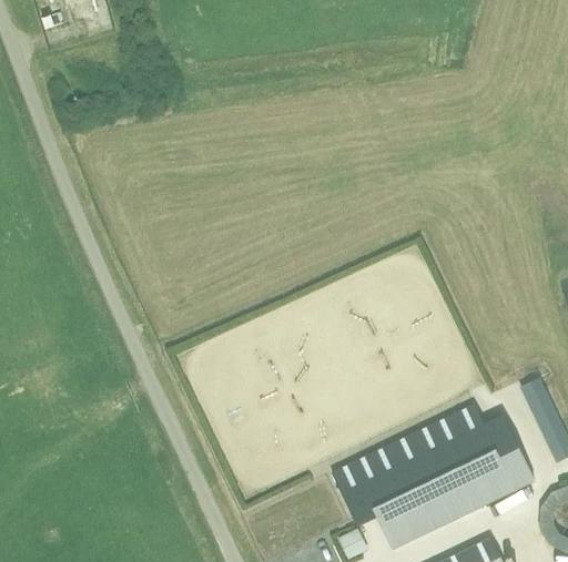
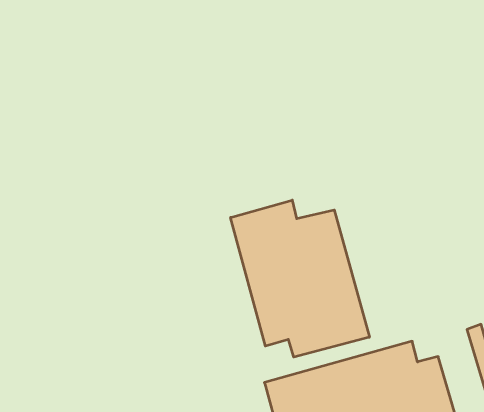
building: none -> [231,200,369,357]

